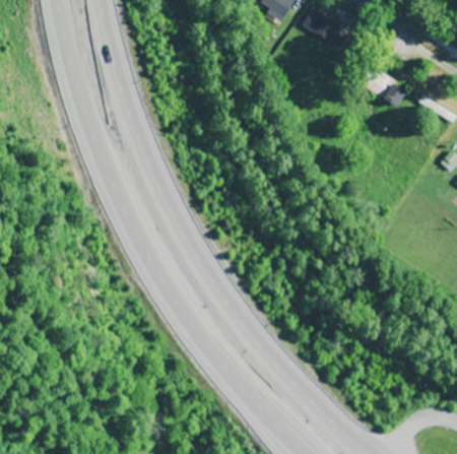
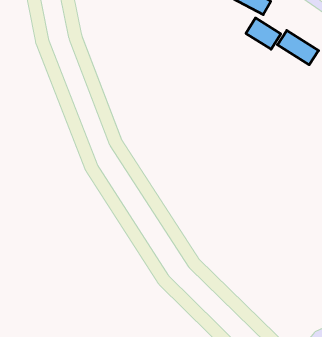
building: none -> [246,18,281,49]

